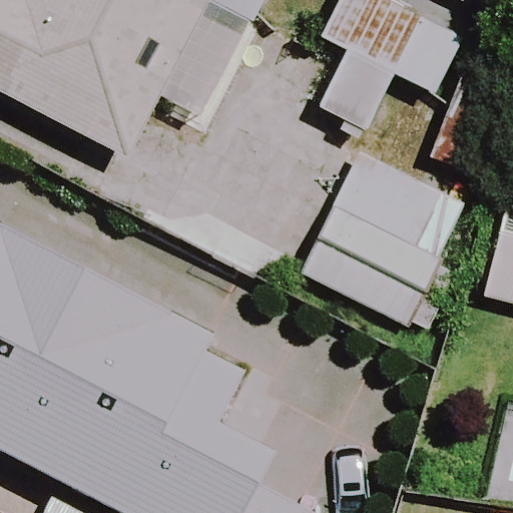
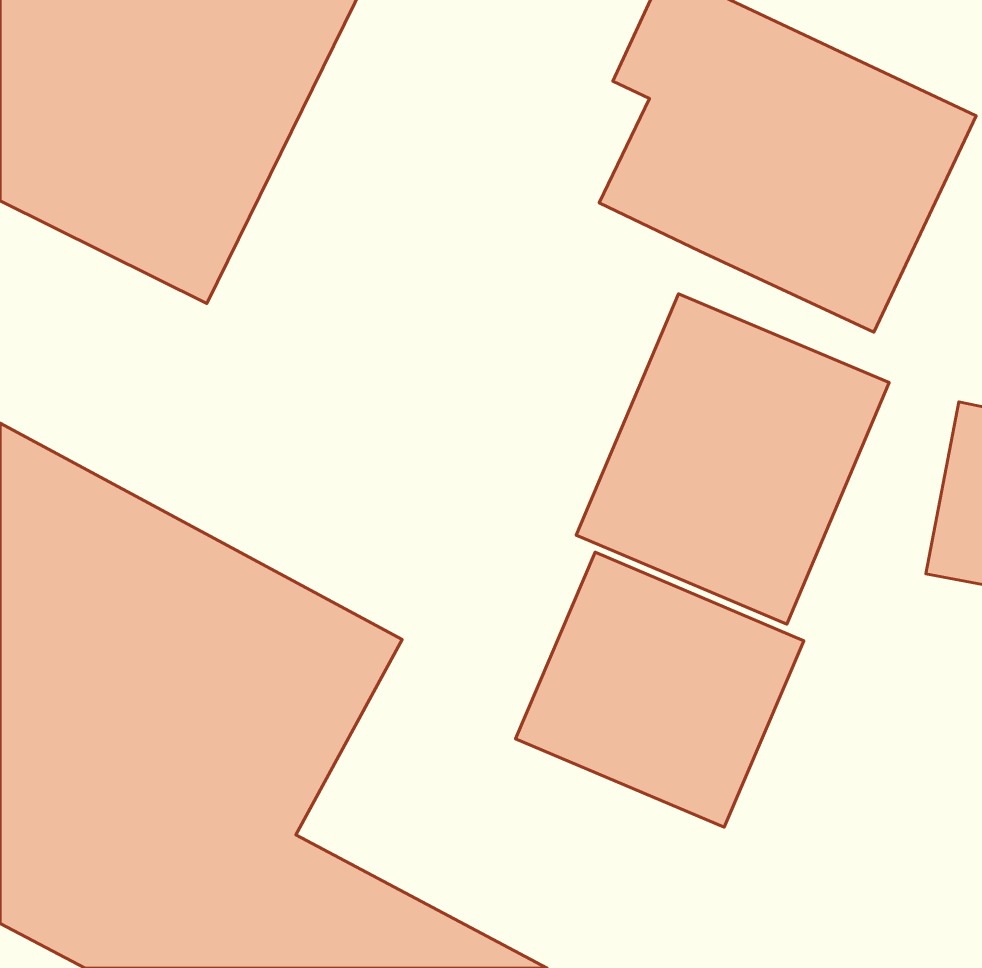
building: none -> [516,552,804,827]

